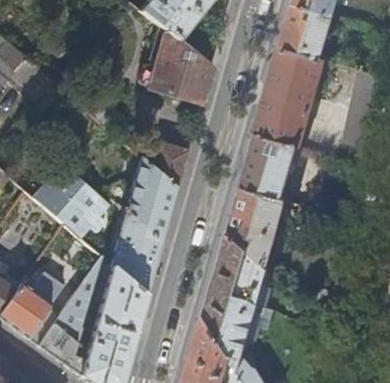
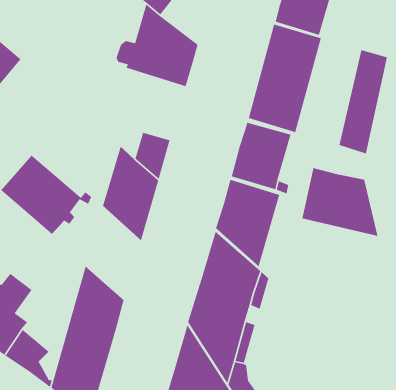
building: none -> [301,167,378,237]
building: [110,210,161,295] -> none
building: [54,255,104,341] -> none

